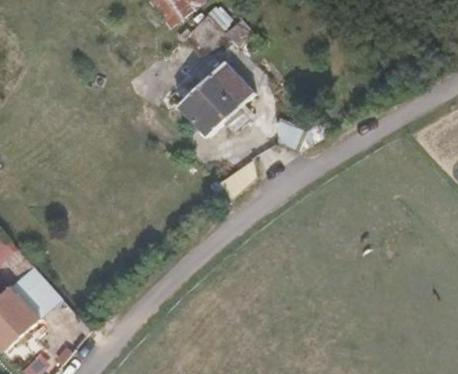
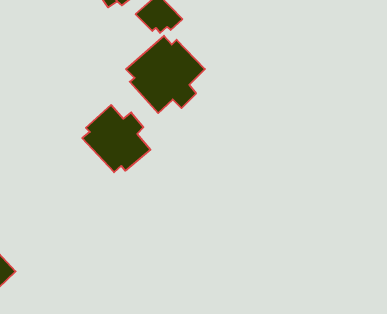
building: none -> [82,105,150,172]

